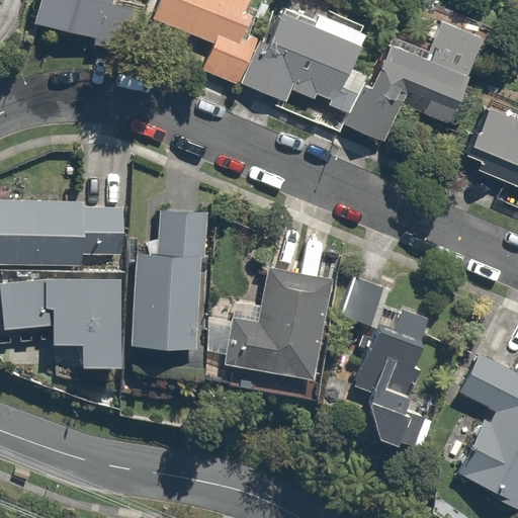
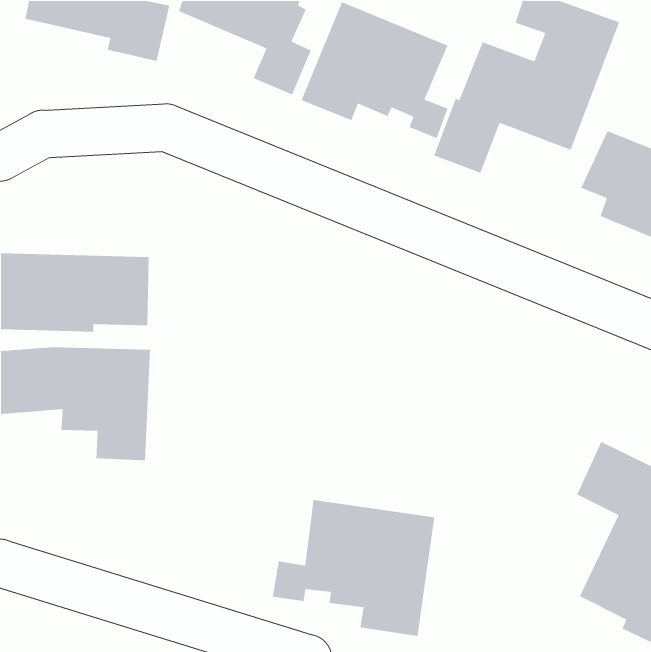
building: [132,211,210,350] -> none
building: [226,267,330,377] -> none
building: [338,280,435,441] -> none
building: none -> [272,499,435,637]

